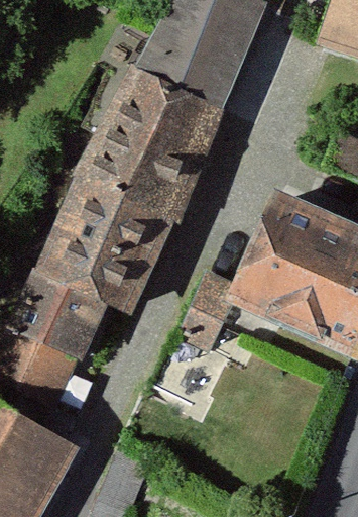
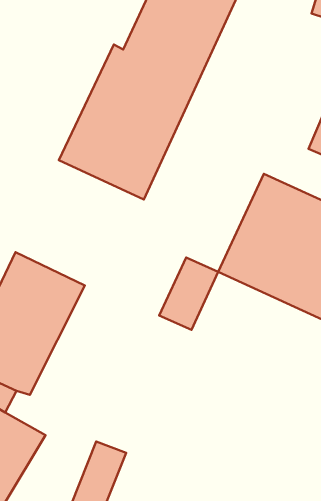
building: [41,180,166,309] -> none

